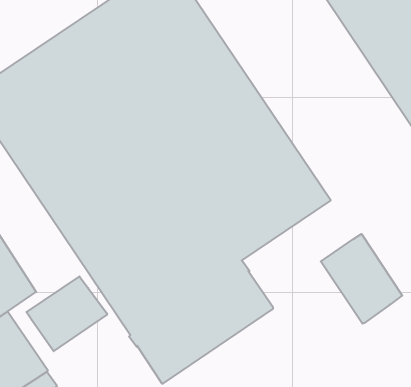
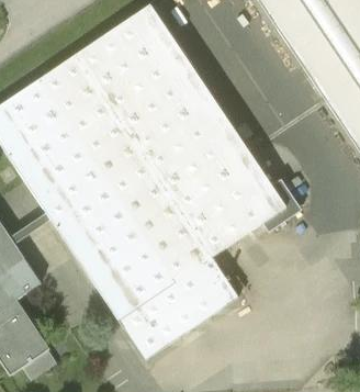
building: [321,234,402,324] -> none
building: [26,276,107,351] -> none

